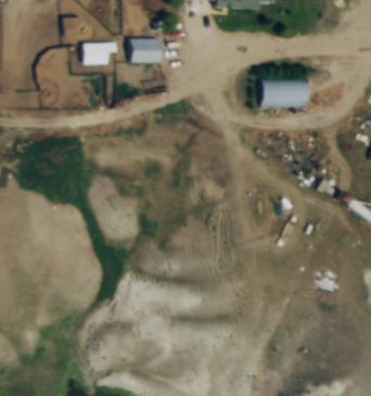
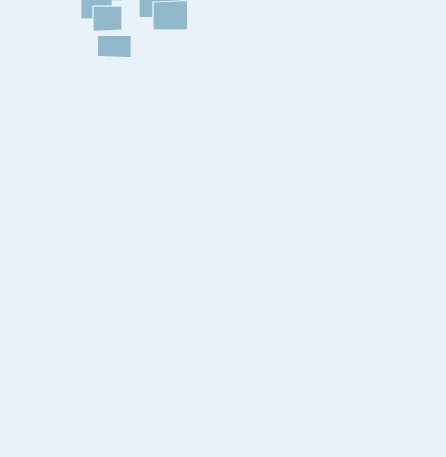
building: none -> [98,35,131,58]
building: [261,81,306,104] -> none

